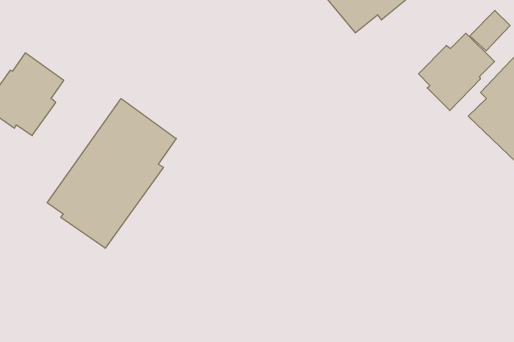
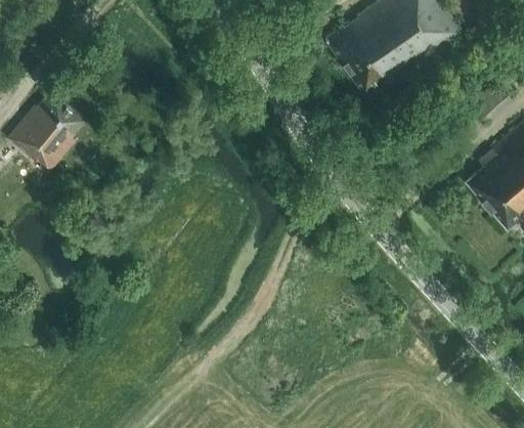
building: [419,33,495,111] -> none
building: [47,99,176,248] -> none

